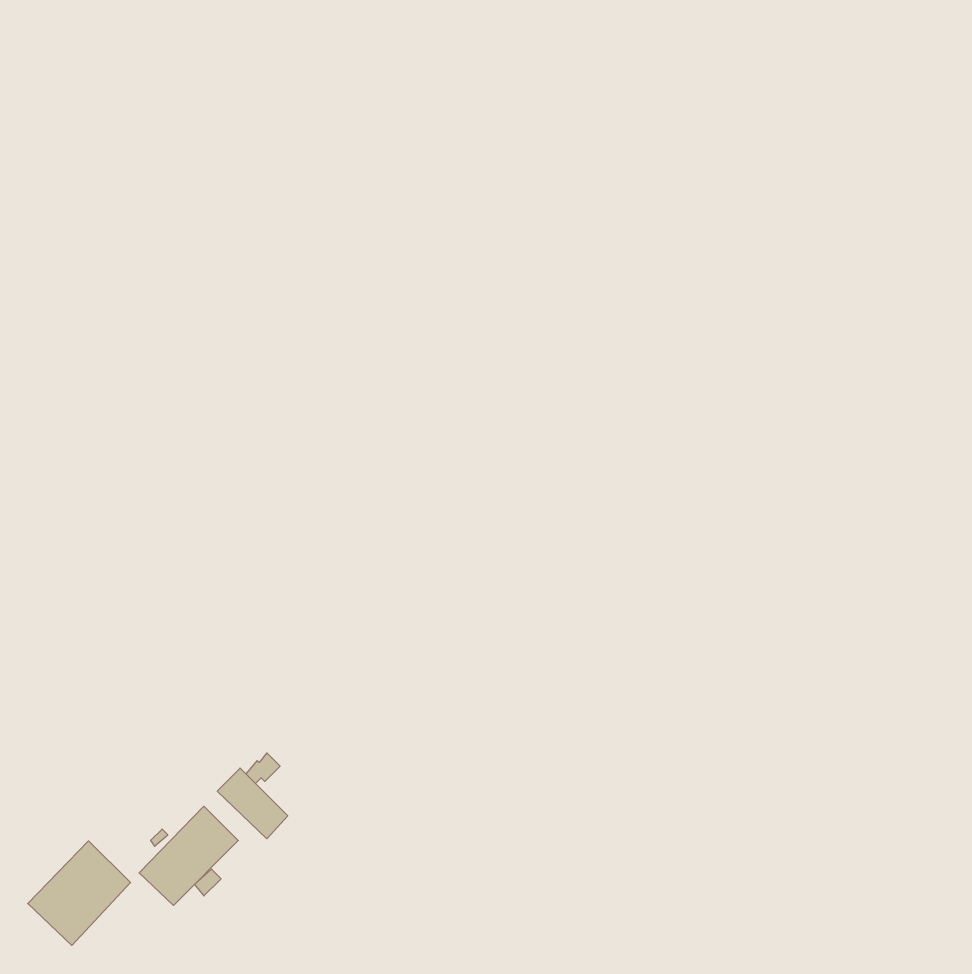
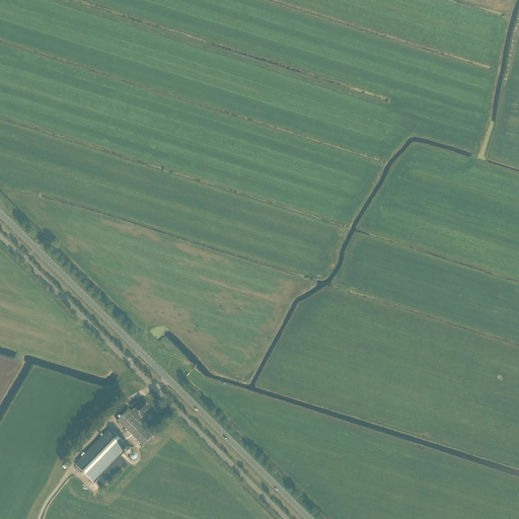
building: [28,841,131,945] -> none

